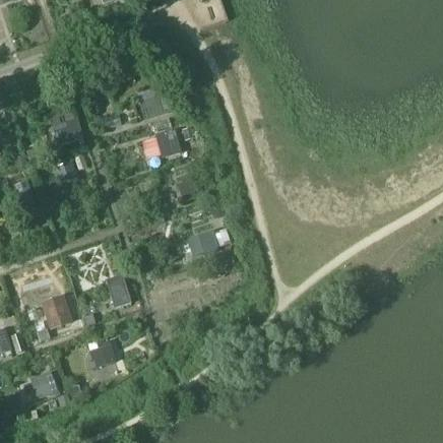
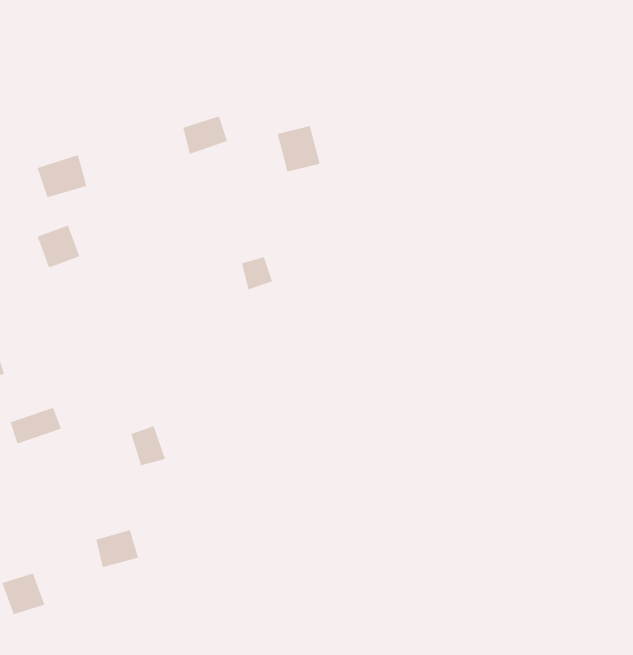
building: [153,127,180,155] -> [277,125,320,172]
building: [185,229,216,255] -> none
building: [40,294,70,328] -> none

